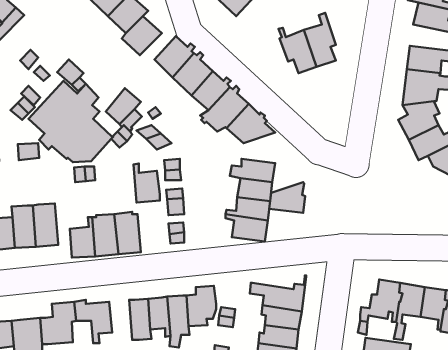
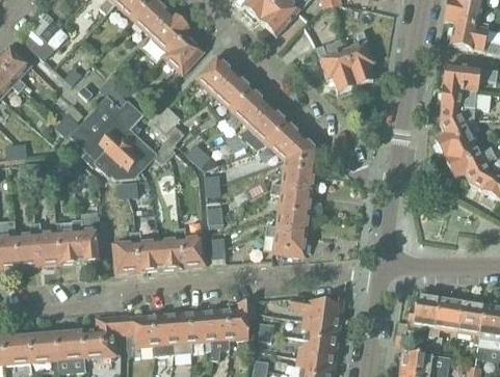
building: [133,163,160,203] -> [180,228,206,267]
building: [269,182,305,213] -> [282,150,317,180]
building: none -> [152,314,175,354]

